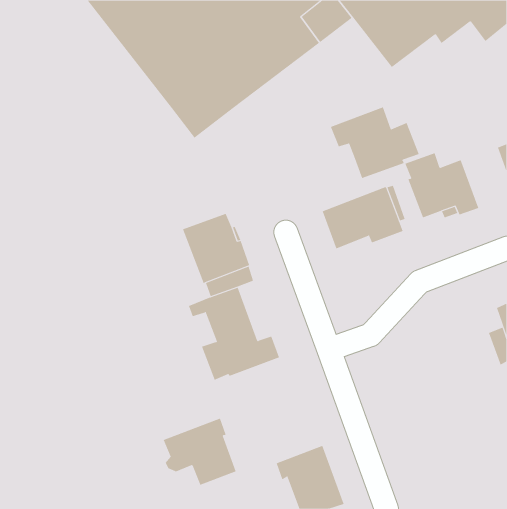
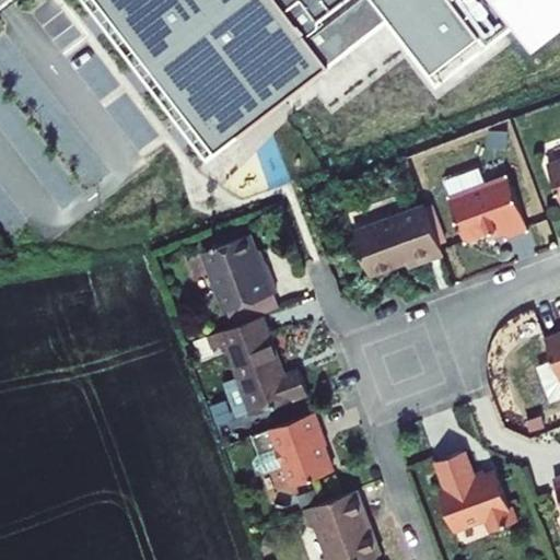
building: [330,106,420,179] -> none
building: none -> [435,450,514,528]
building: [163,418,237,486] -> [250,411,331,486]

